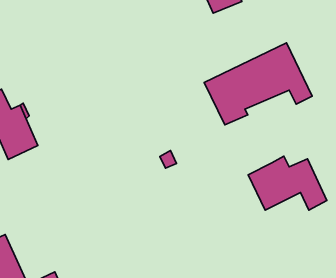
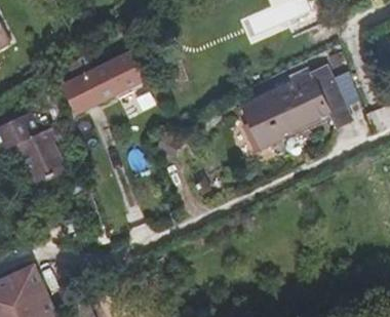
building: none -> [64,52,144,111]
building: [248,156,327,210] -> none

